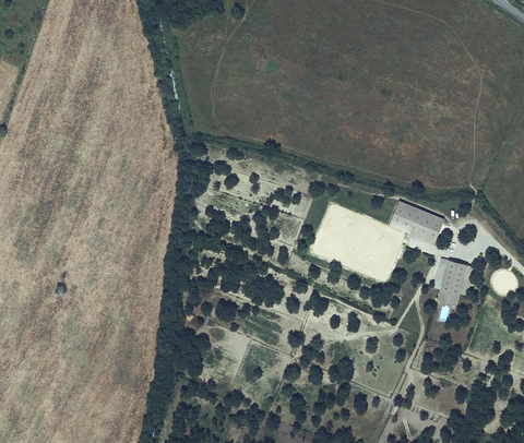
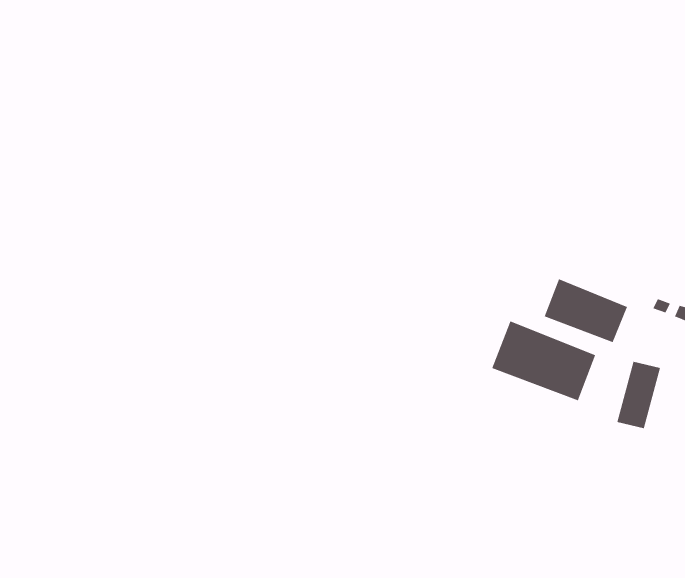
building: none -> [491,320,596,401]

